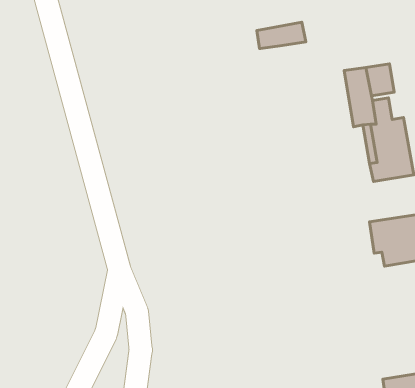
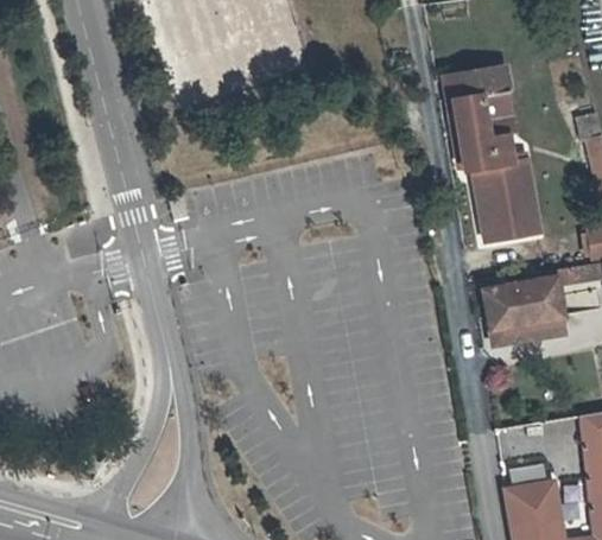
building: [257,22,306,48] -> [448,64,509,97]

